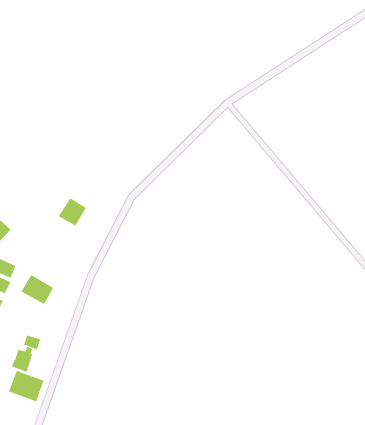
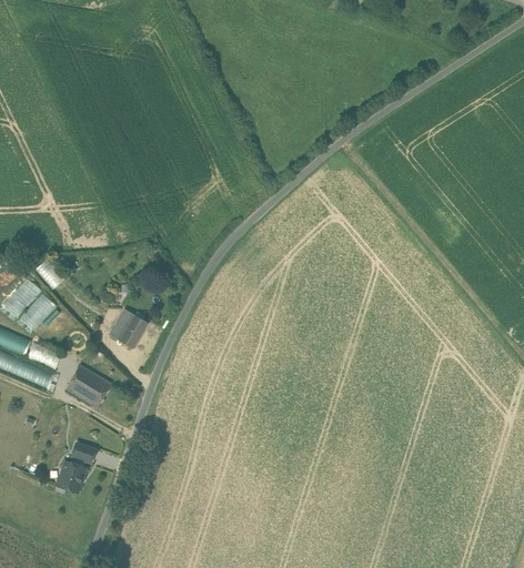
building: [58,197,87,226] -> [109,311,147,348]
building: [8,370,44,402] -> none

